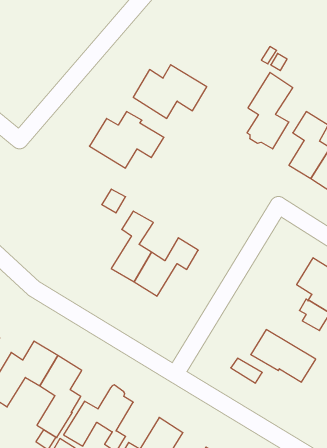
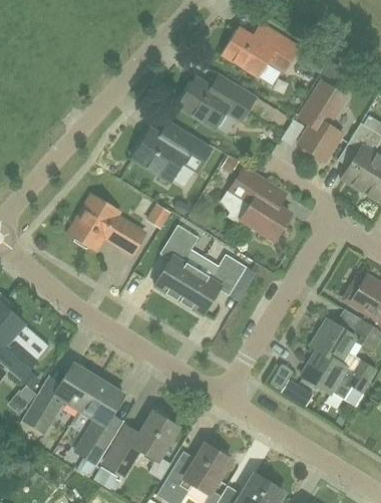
building: none -> [222,24,297,75]
building: none -> [220,164,289,239]
building: none -> [68,194,144,253]
building: none -> [311,319,375,382]

